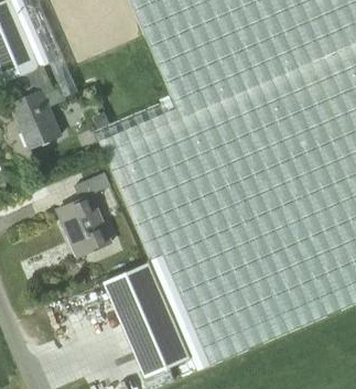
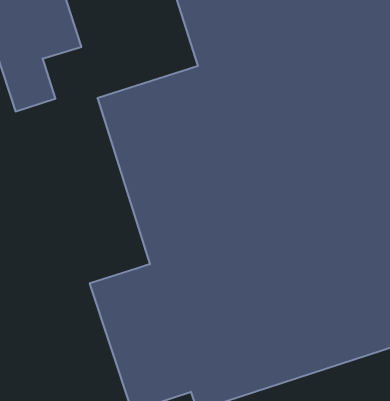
building: [58,172,112,256] -> none

